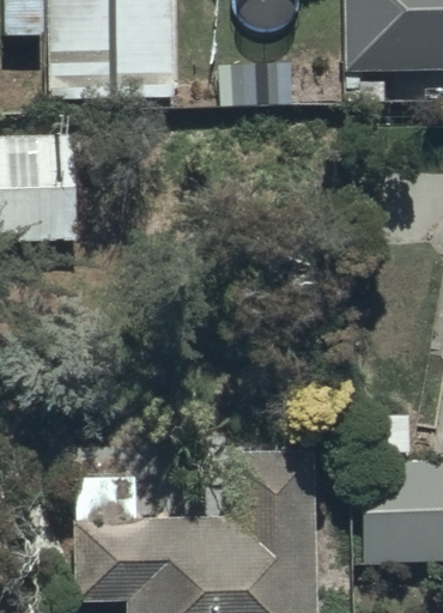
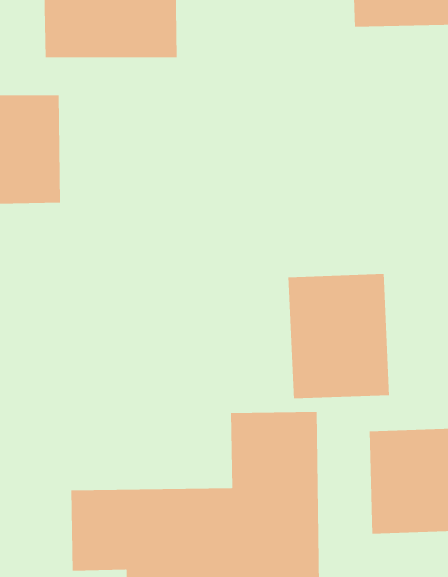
building: none -> [288,273,390,399]

